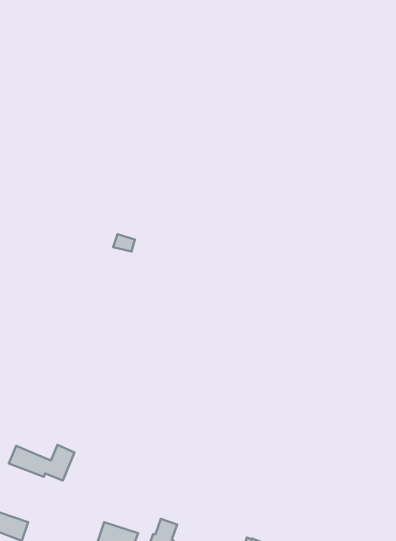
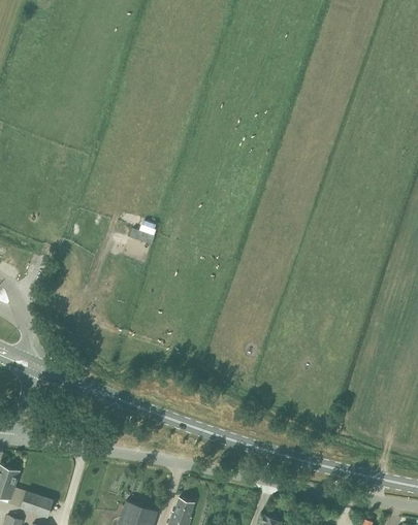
building: [9,445,75,481] -> none

